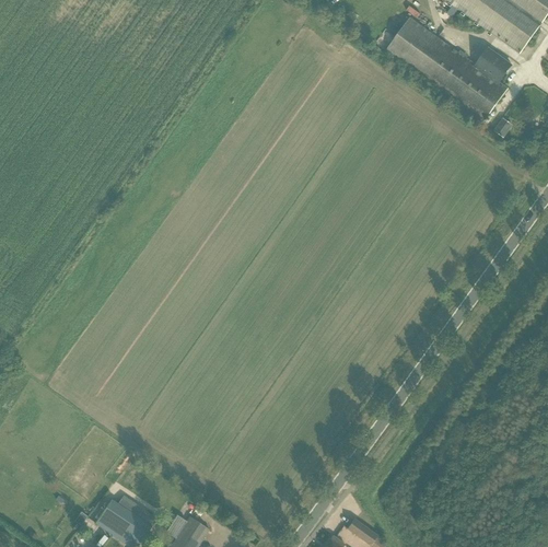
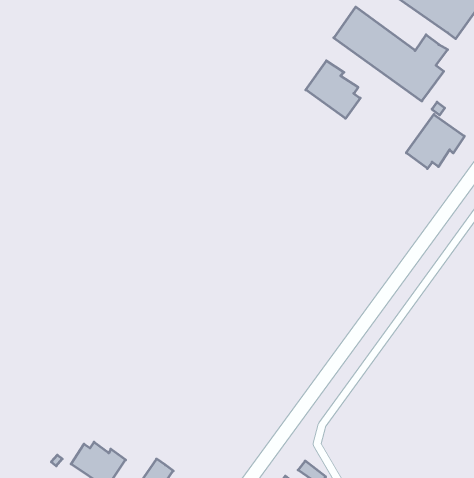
building: none -> [306,61,360,118]
building: none -> [406,114,464,169]

